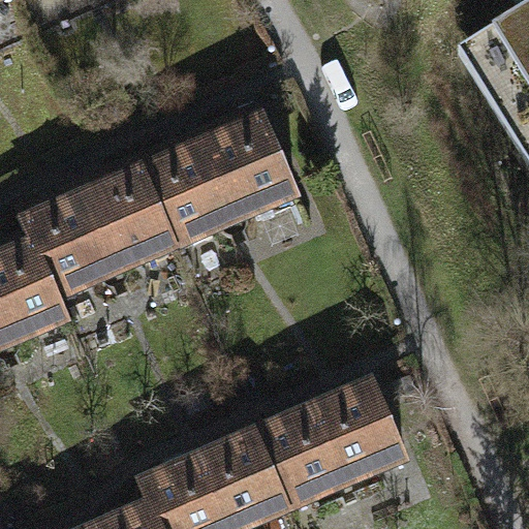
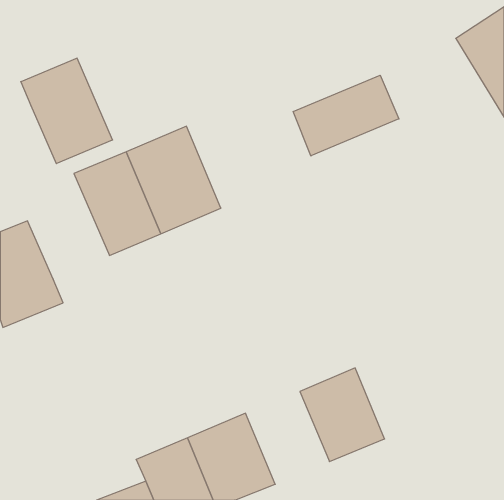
building: none -> [293,75,399,156]
building: [195,105,294,218] -> none
building: [19,182,115,292] -> [21,58,113,164]
building: [257,410,345,507] -> none

